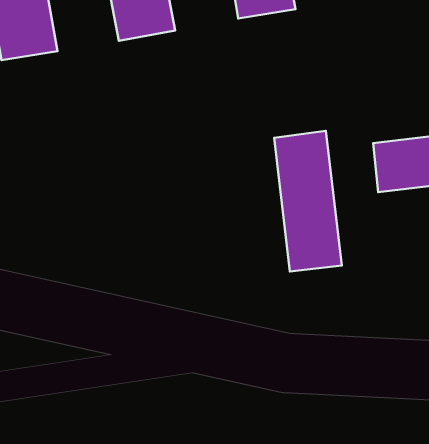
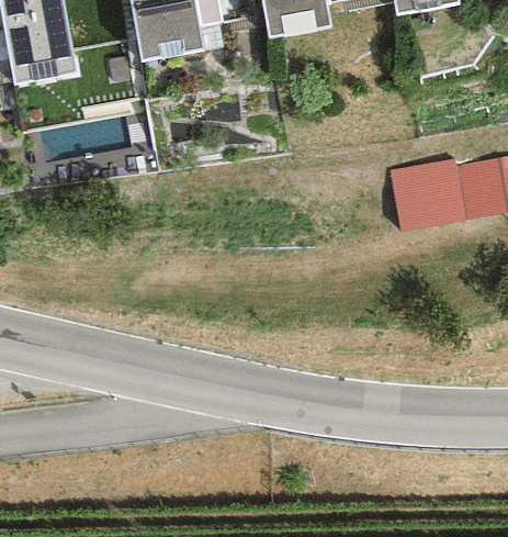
building: [274,131,342,272] -> none

